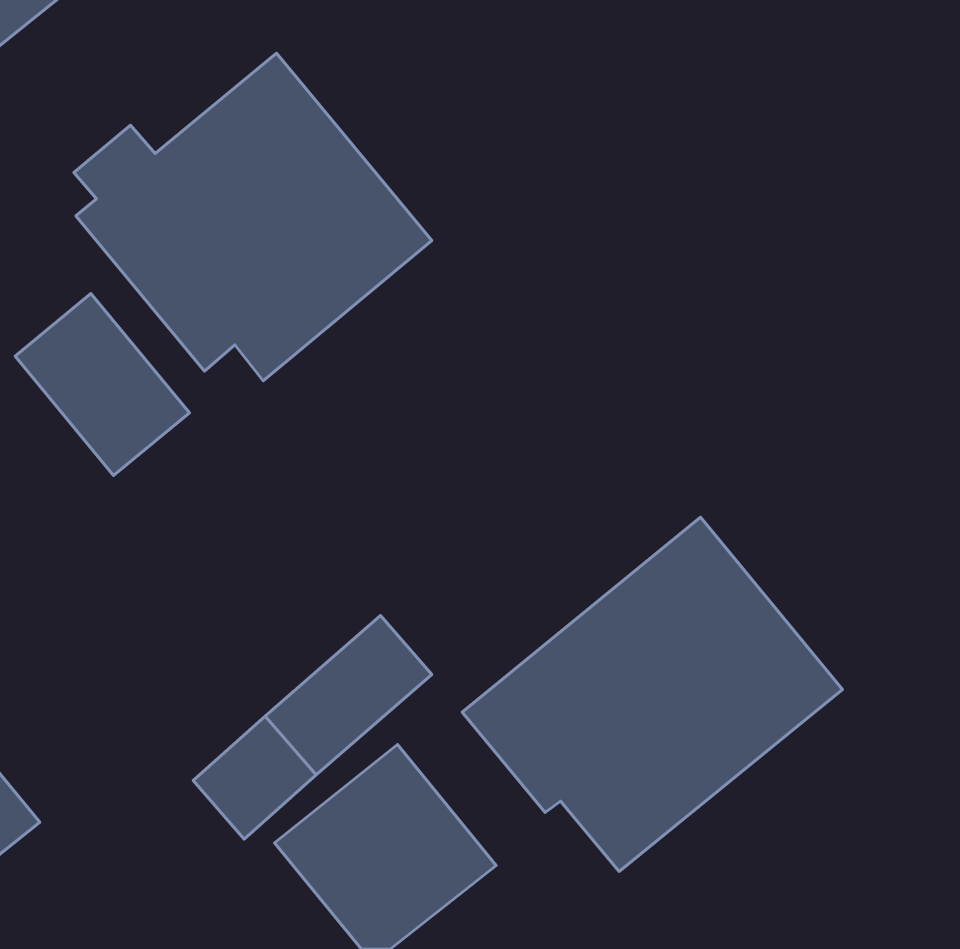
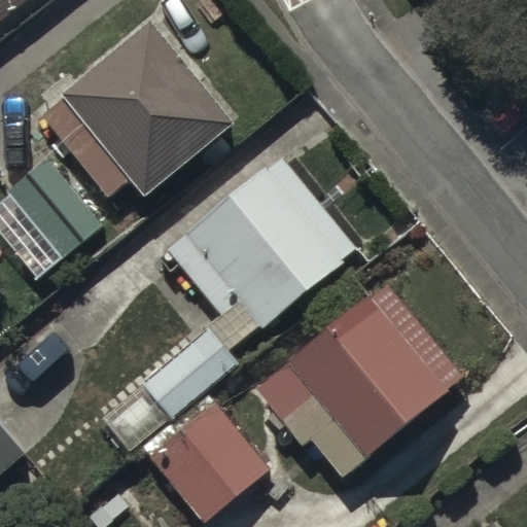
building: none -> [166,149,358,341]

